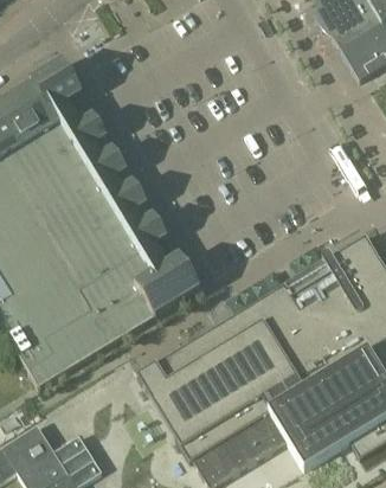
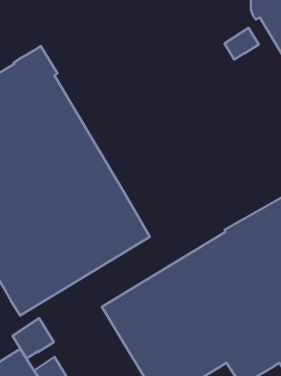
building: none -> [225,28,259,59]
building: none -> [12,318,54,359]

